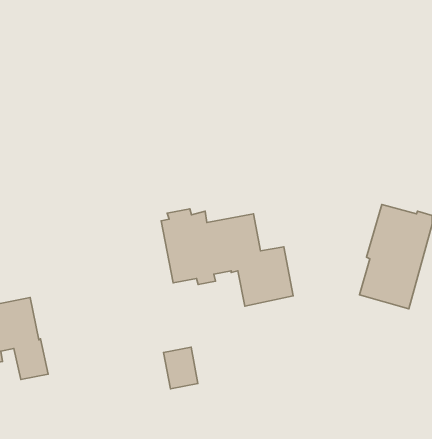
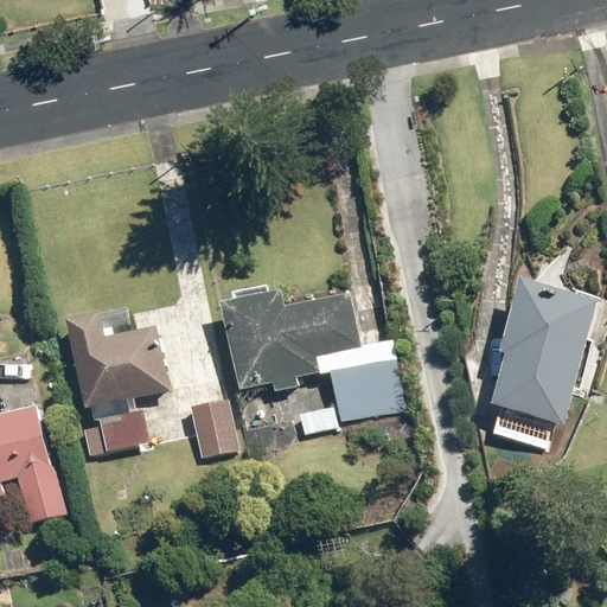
building: none -> [66,313,168,451]
building: [163,347,198,389] -> [186,400,234,456]

